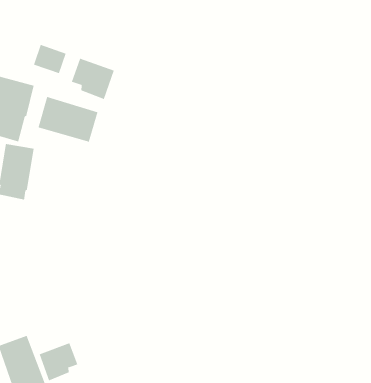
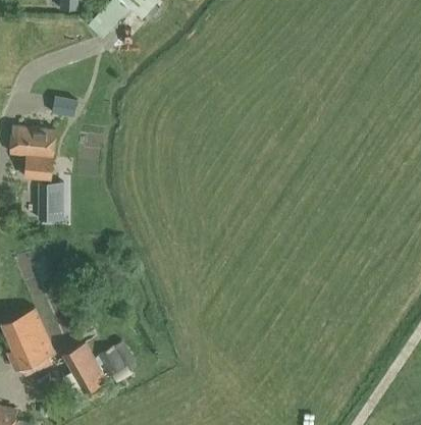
building: [71,58,114,100] -> none
building: [38,96,98,142] -> none

